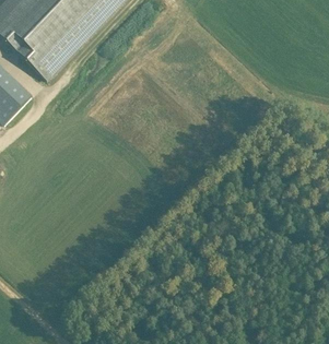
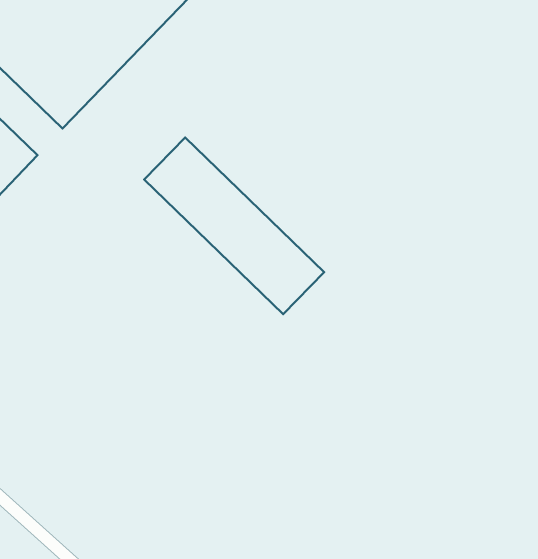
building: none -> [144,137,324,314]

